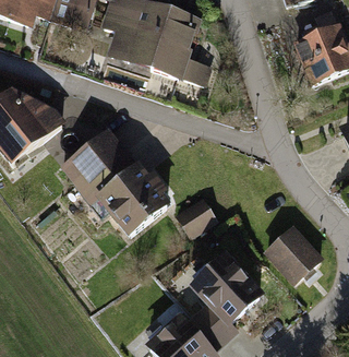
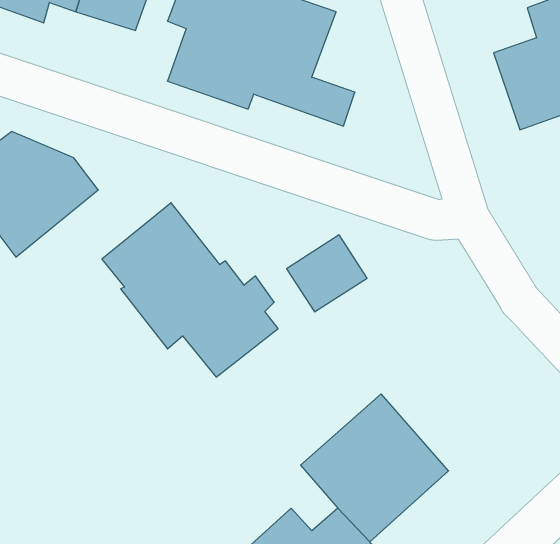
building: [171,194,218,239] -> [287,235,367,312]
building: [261,222,322,282] -> none

